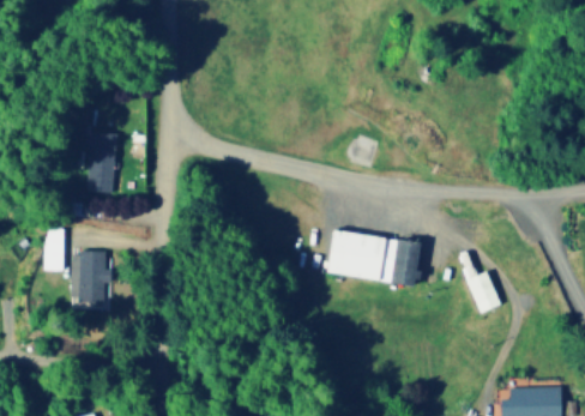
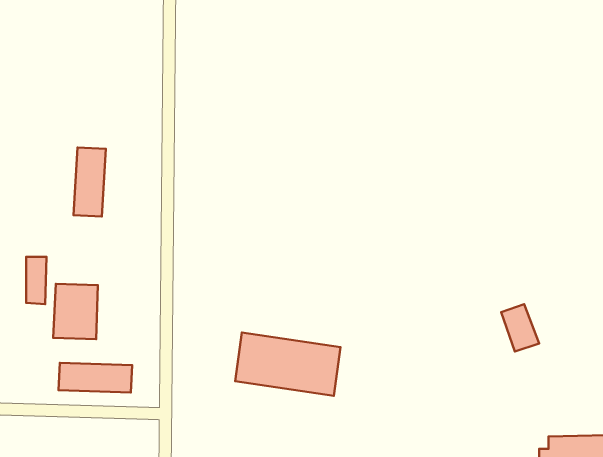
building: [327,230,421,287] -> [235,332,340,396]
building: none -> [59,363,132,393]

